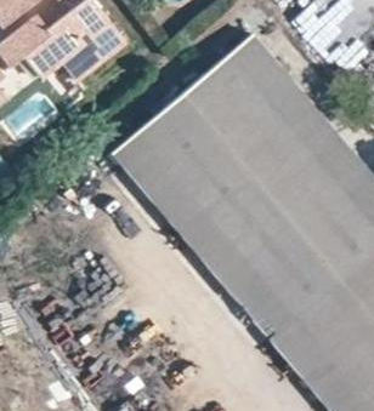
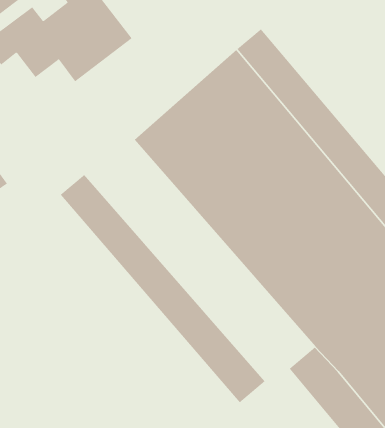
building: [107,132,289,335] -> [60,174,265,403]

